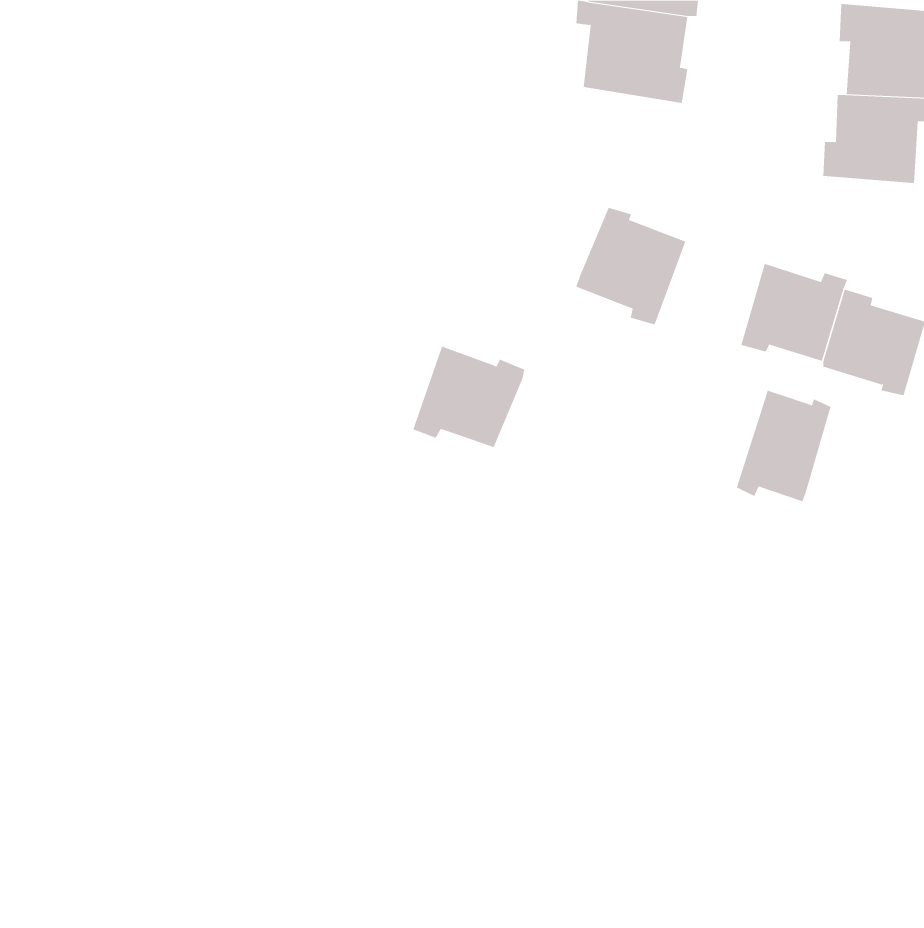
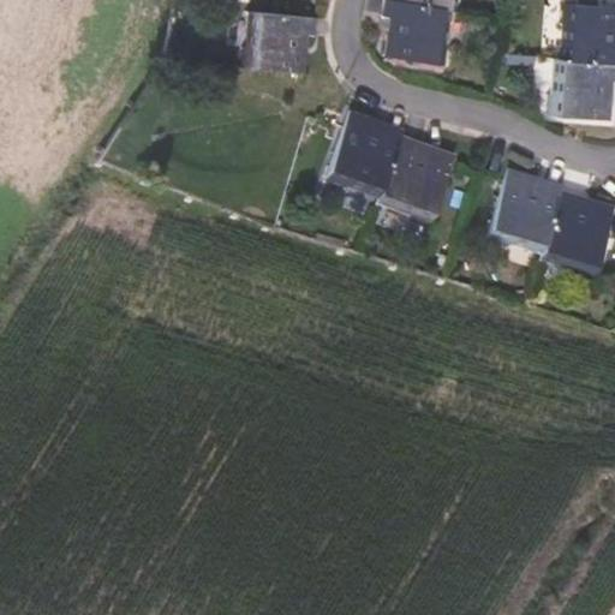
building: none -> [244,13,317,72]
building: [413,346,525,448] -> [332,115,406,183]
building: [736,390,831,502] -> none

